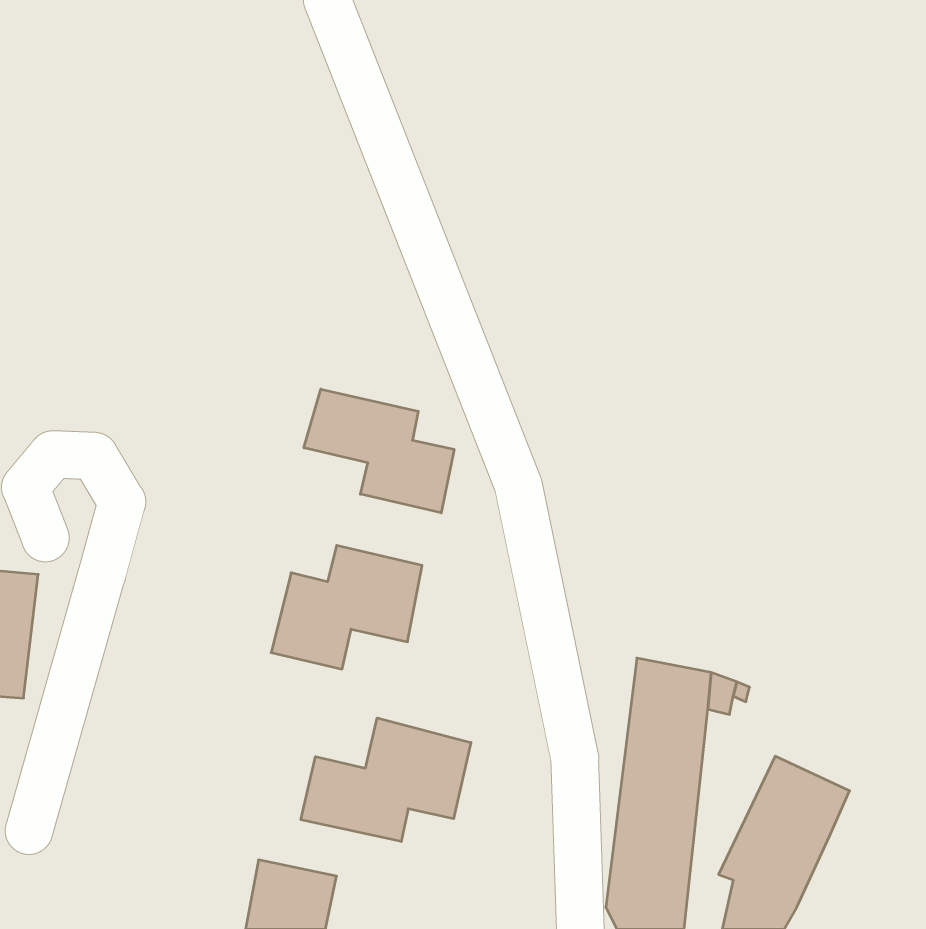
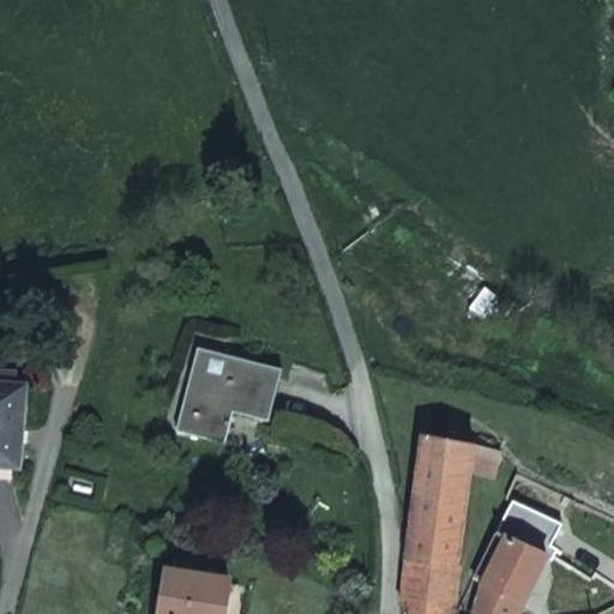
building: [304,389,454,513] -> none
building: [301,718,471,842] -> none

